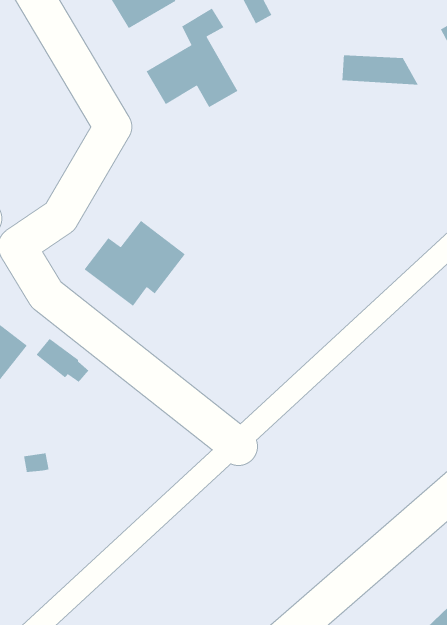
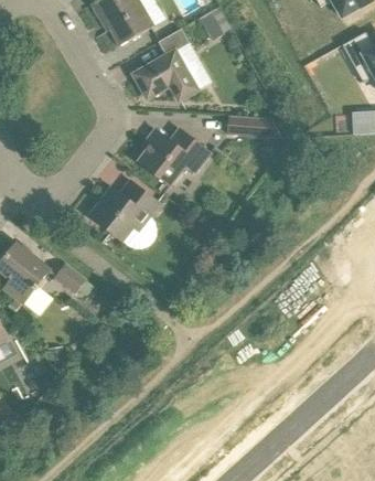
building: [342,54,419,85] -> [225,116,280,138]
building: none -> [137,128,210,185]

